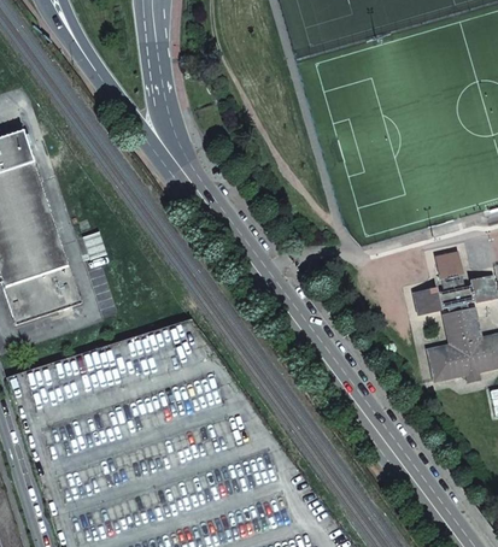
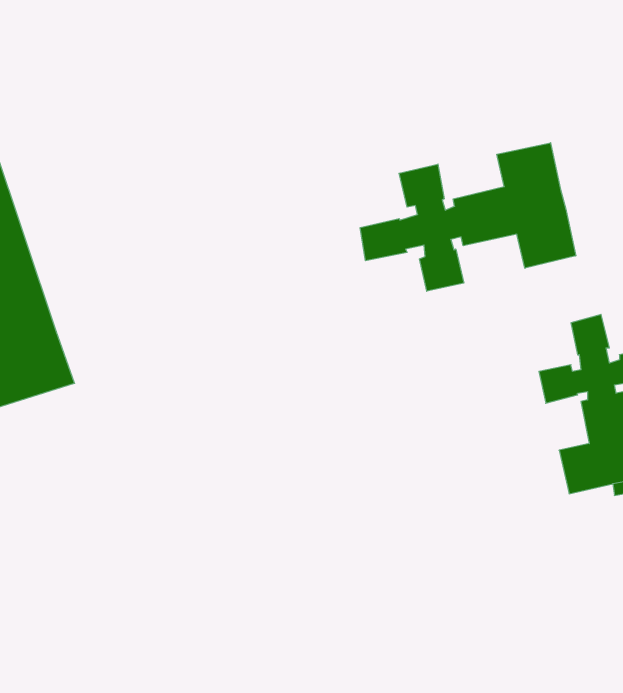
building: none -> [360,143,576,291]

